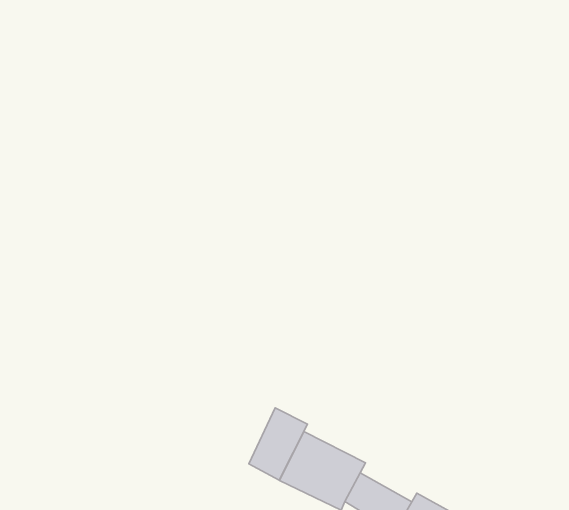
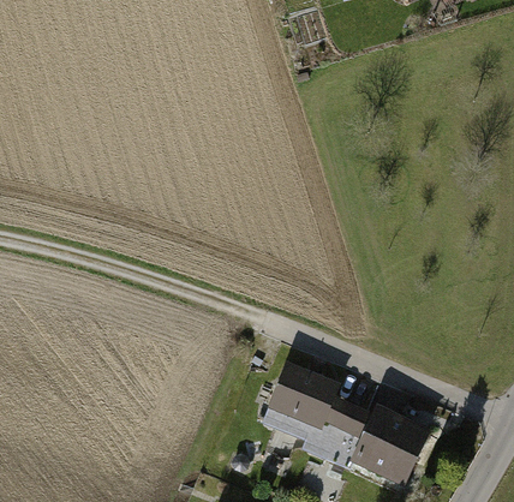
building: [249,408,308,480] -> none

